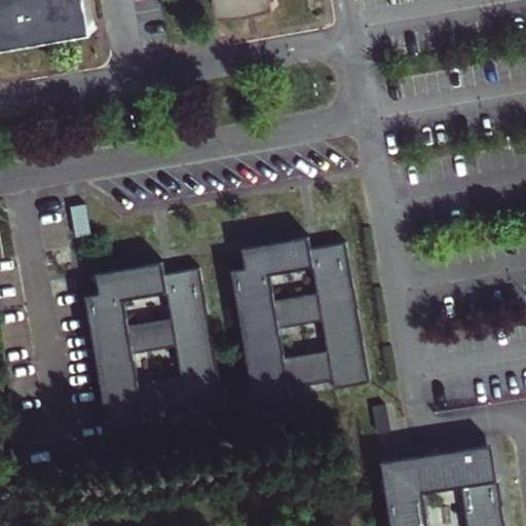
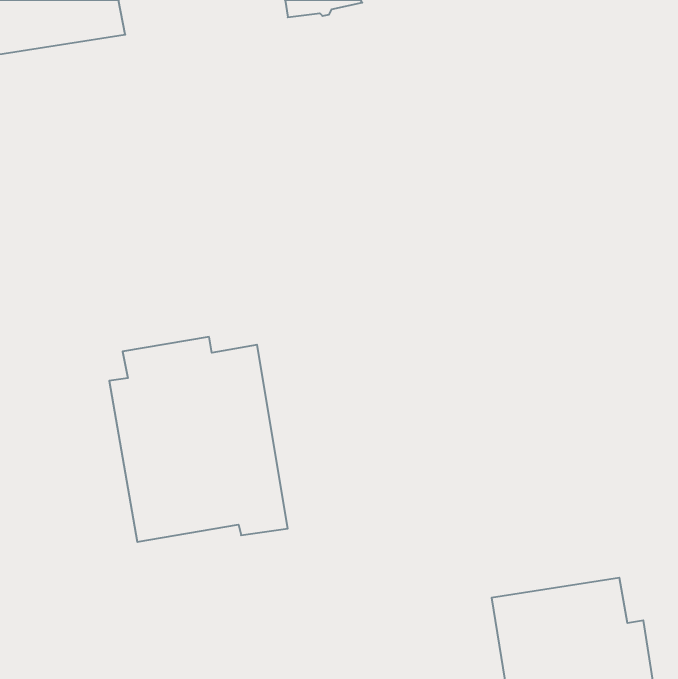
building: [230,236,369,394] -> none

